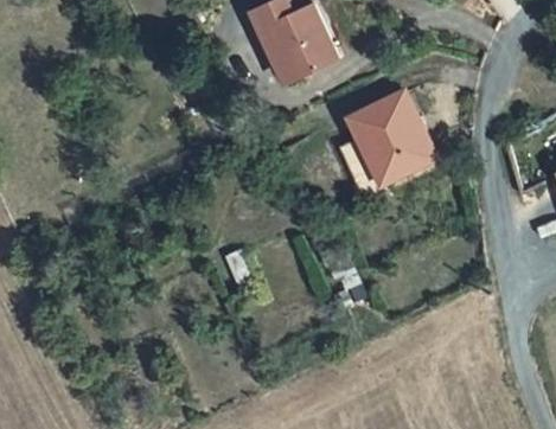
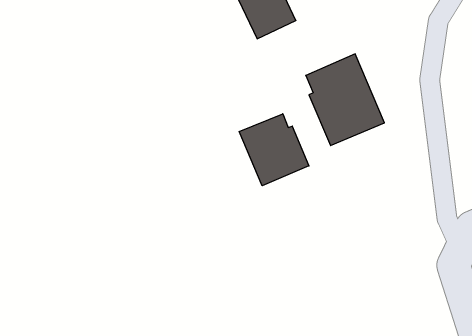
building: none -> [239,114,309,186]

